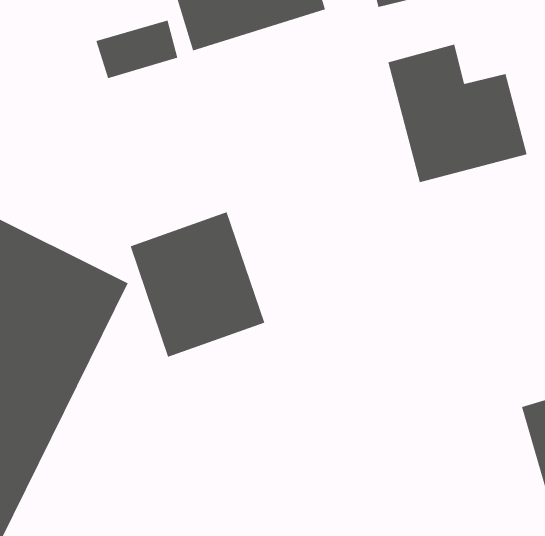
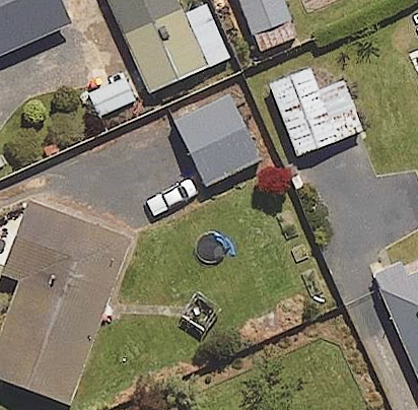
building: [130,212,265,357] -> [175,92,263,186]

